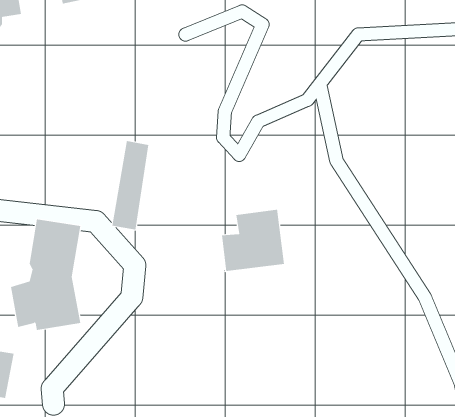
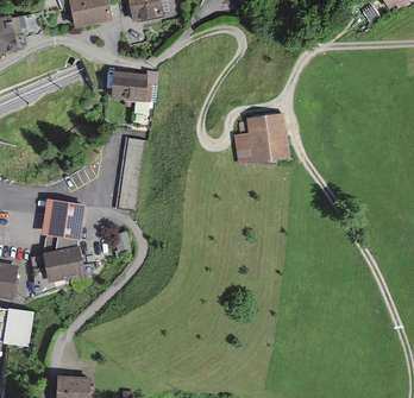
building: none -> [114,71,153,132]
building: [221,209,285,271] -> [234,112,287,163]

